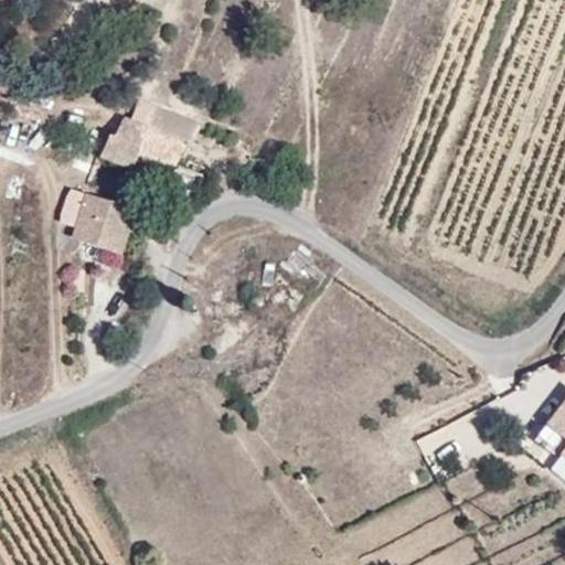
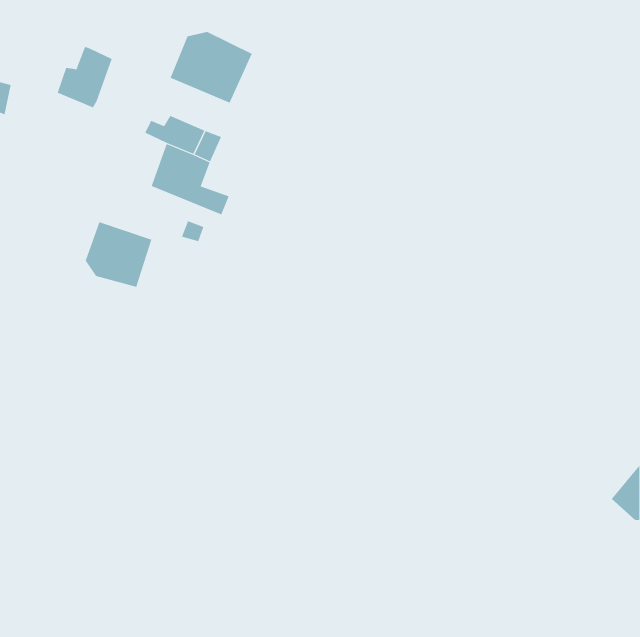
building: none -> [170,31,252,104]
building: [96,114,145,168] -> [57,46,112,108]

